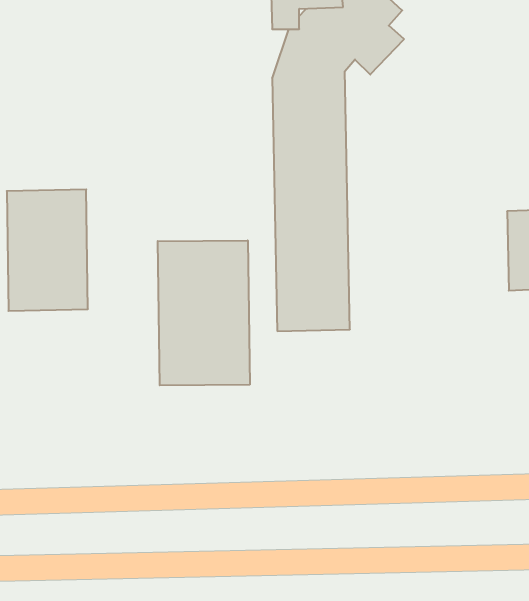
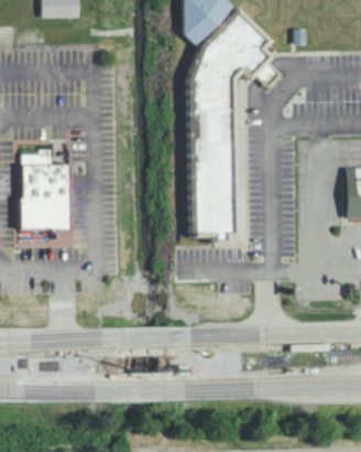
building: [158,240,250,385] -> none

